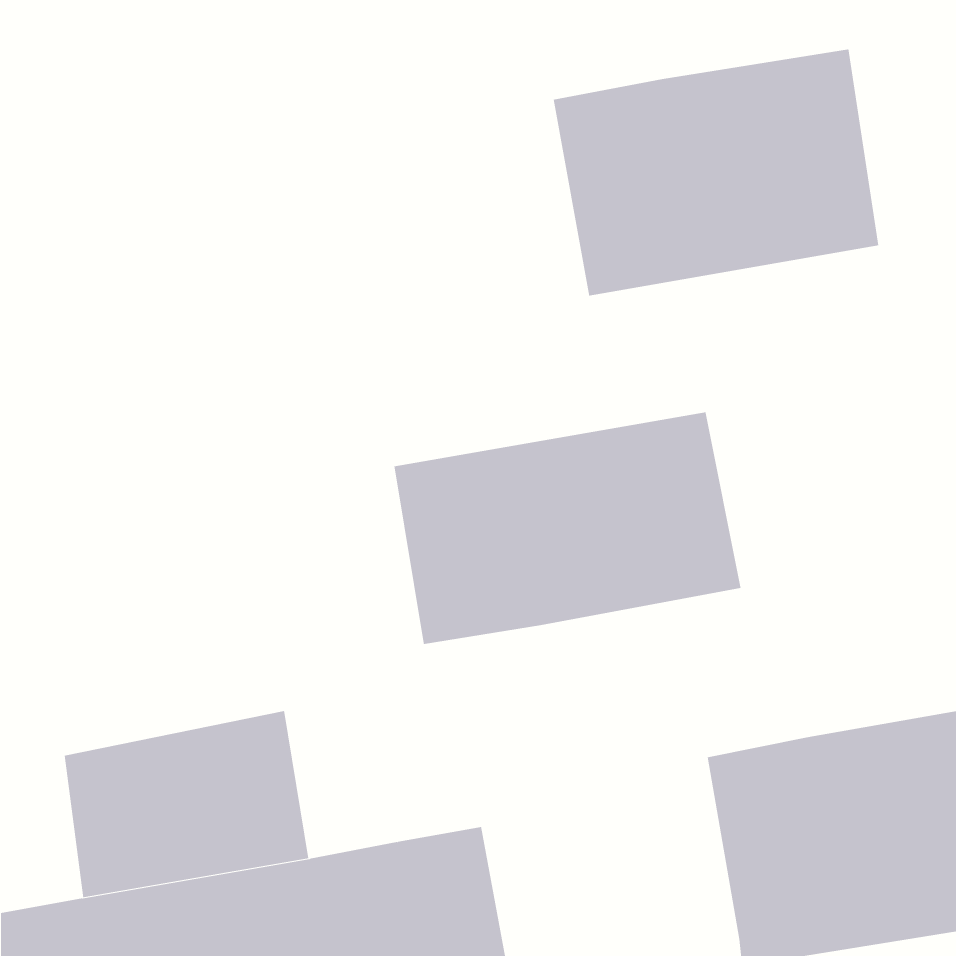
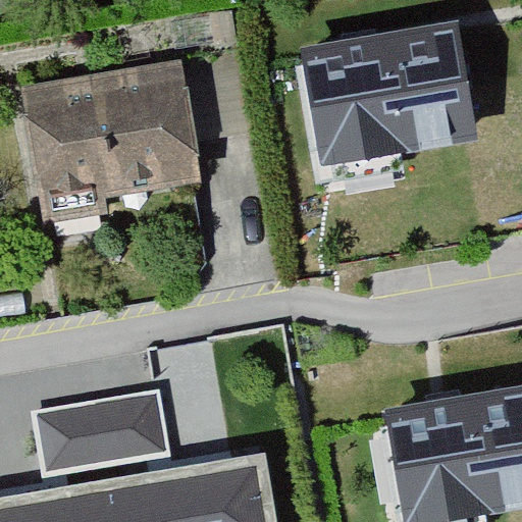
building: none -> [22,64,197,215]
building: [394,412,741,645] -> none

